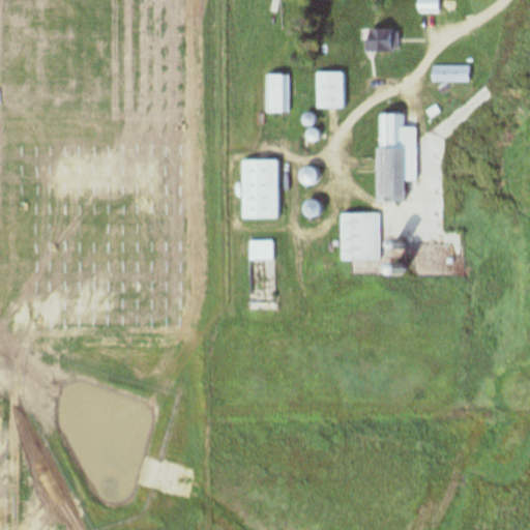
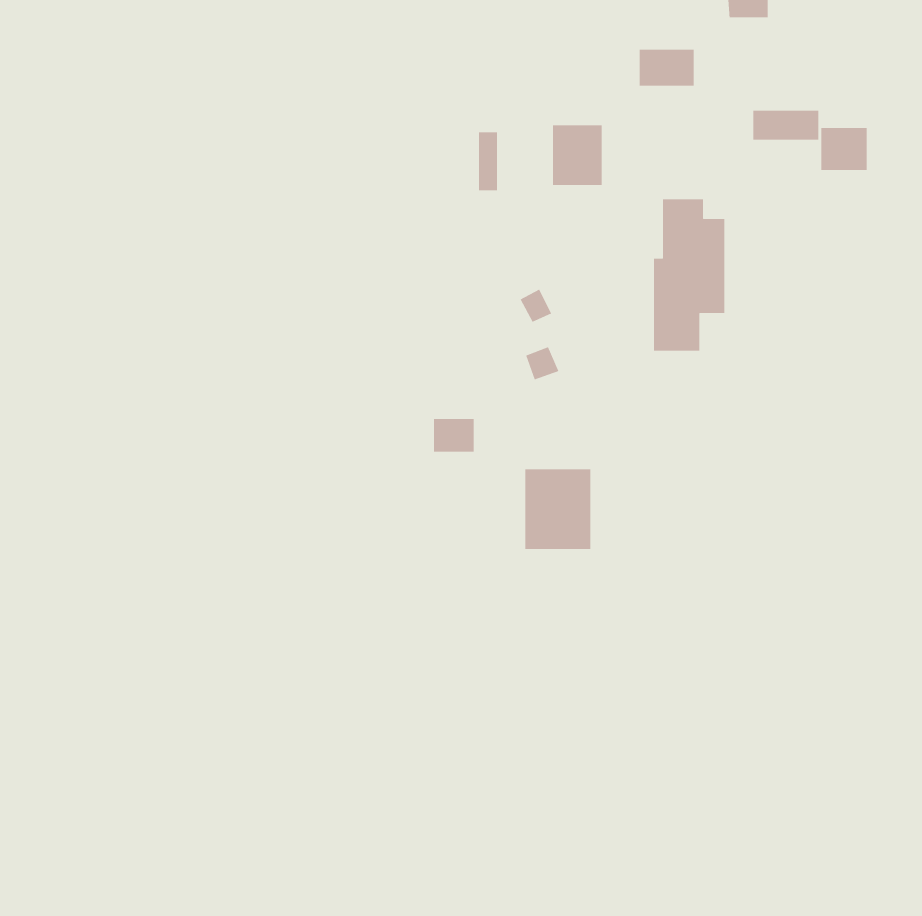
building: none -> [821,127,867,171]
building: [240,159,279,217] -> none
building: [341,213,379,260] -> [524,469,591,550]

